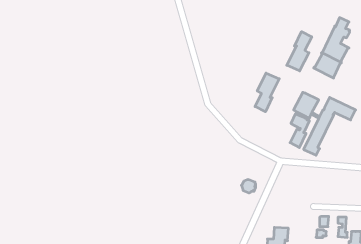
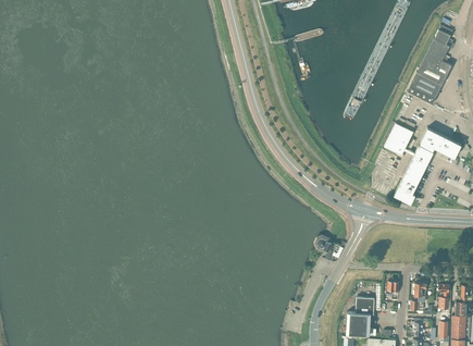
building: [287,32,312,71] -> none
building: [255,73,279,112] -> none

